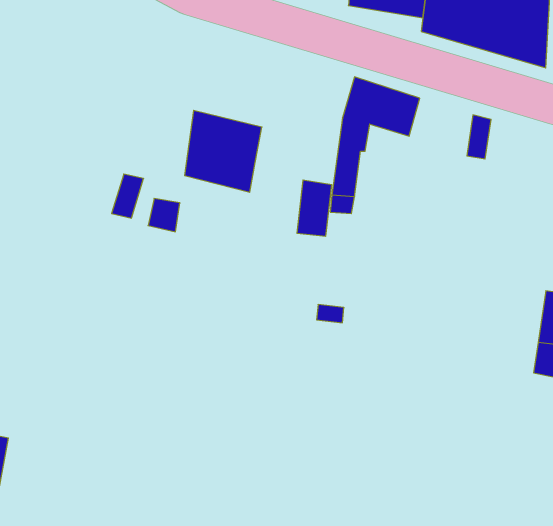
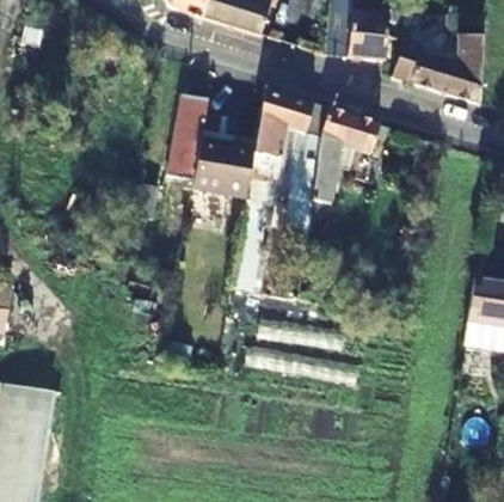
building: none -> [251,90,314,178]
building: none -> [166,93,208,190]

